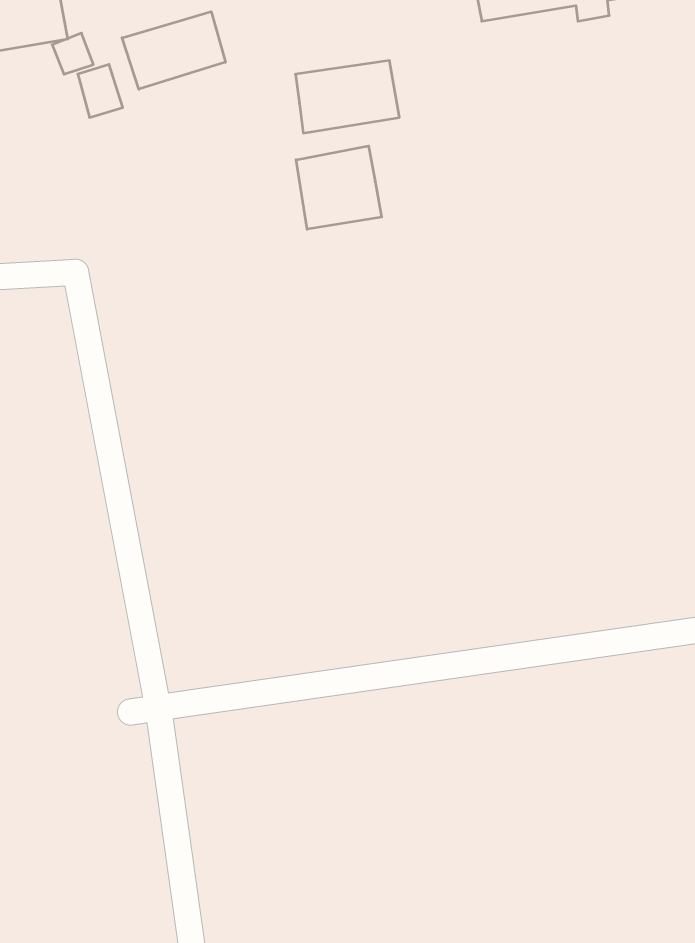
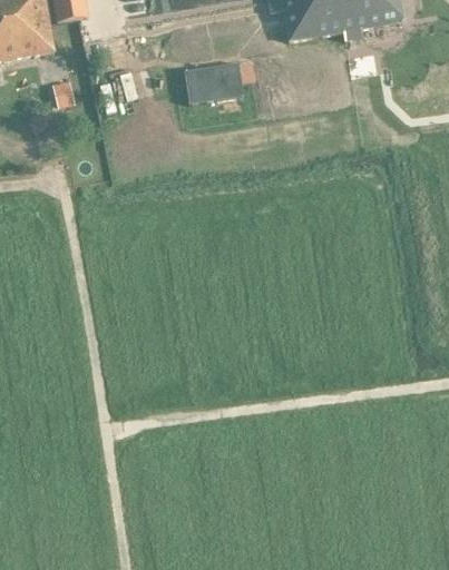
building: [122,12,225,89] -> none
building: [296,146,382,229] -> none

